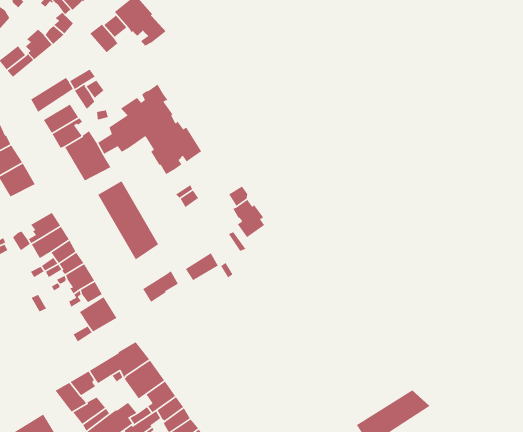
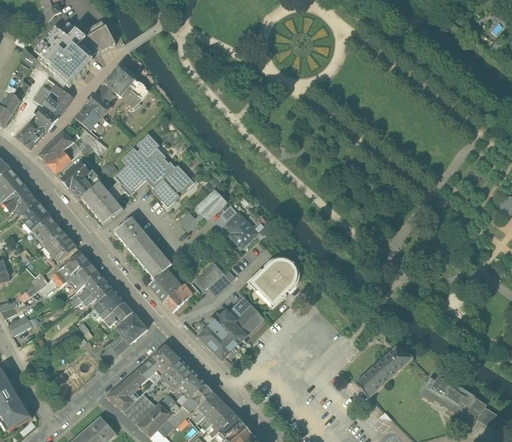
building: none -> [74,103,102,130]
building: none -> [38,131,73,164]
building: none -> [194,191,225,220]
building: none -> [44,232,76,262]
building: none -> [149,269,180,302]
building: none -> [249,256,299,306]
building: none -> [197,296,263,360]

